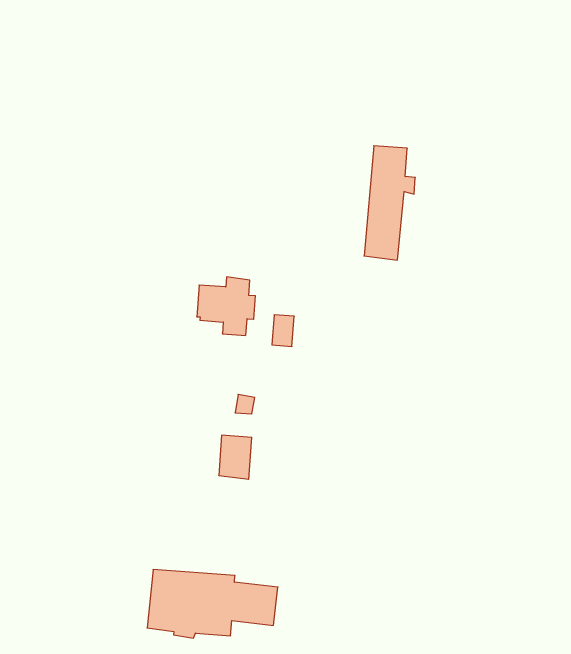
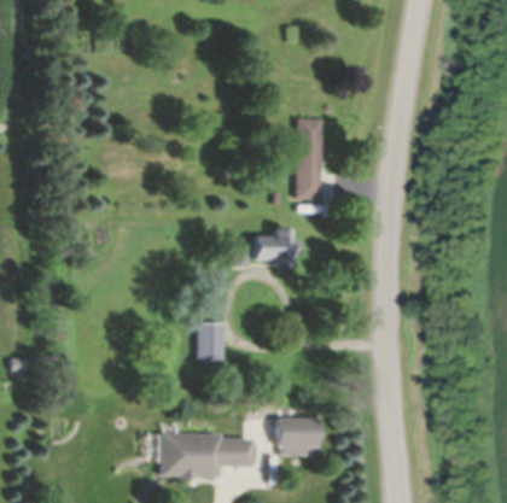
building: [197,277,255,335] -> [255,228,296,269]
building: none -> [276,417,317,455]

